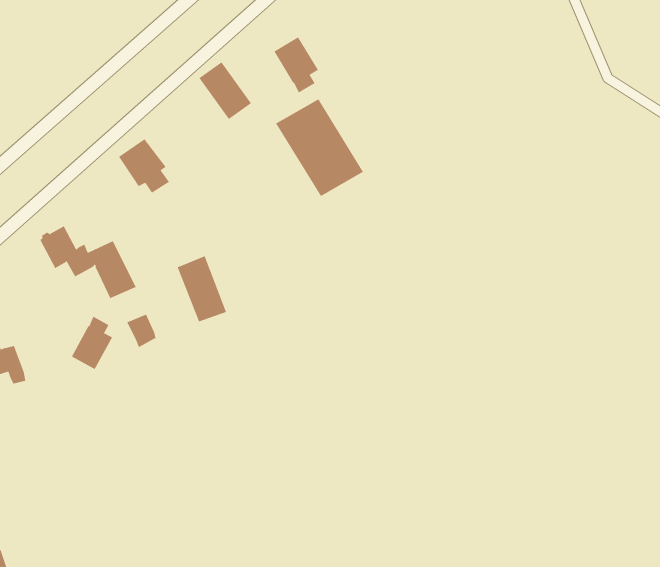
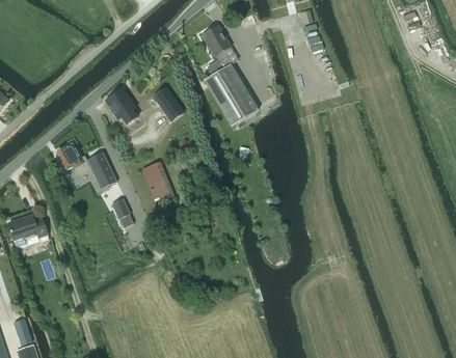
building: [198,61,252,120] -> [152,84,185,120]
building: [71,316,113,370] -> none

